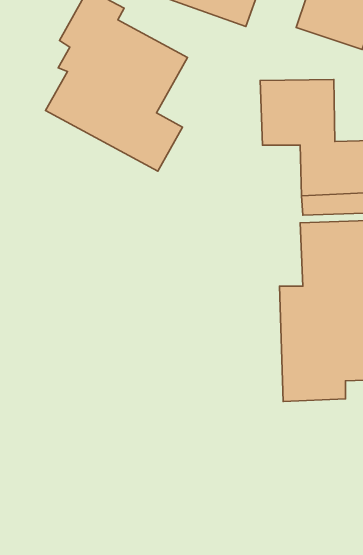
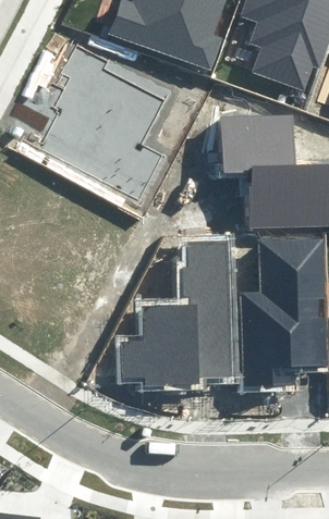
building: none -> [118,243,231,386]

